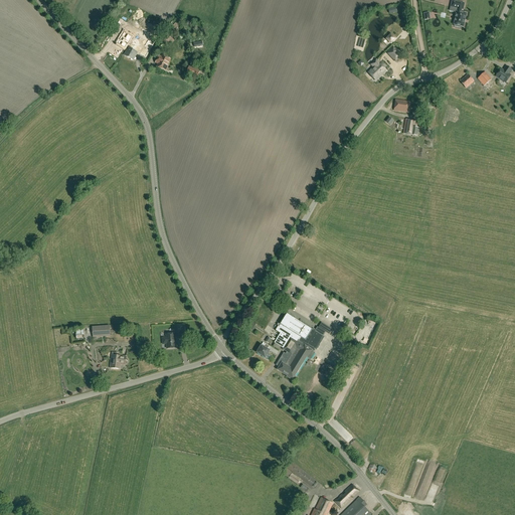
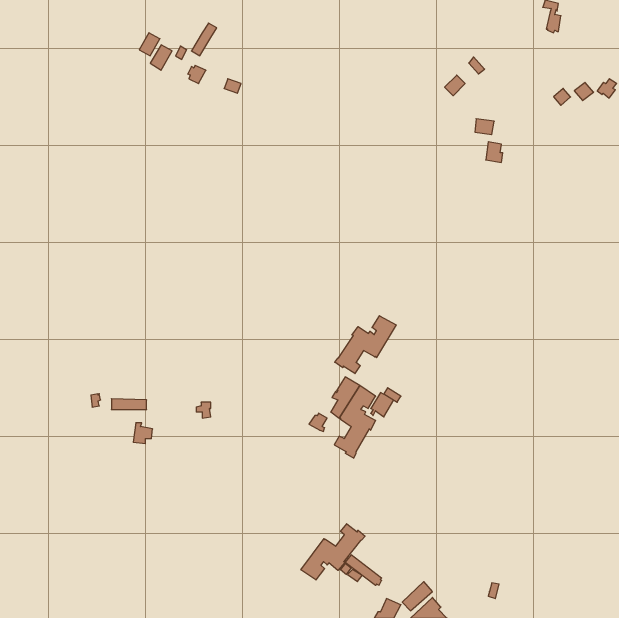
building: none -> [335,316,396,374]
building: none -> [301,524,365,580]

